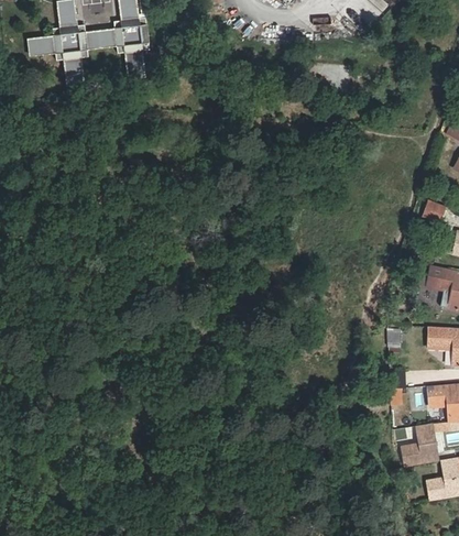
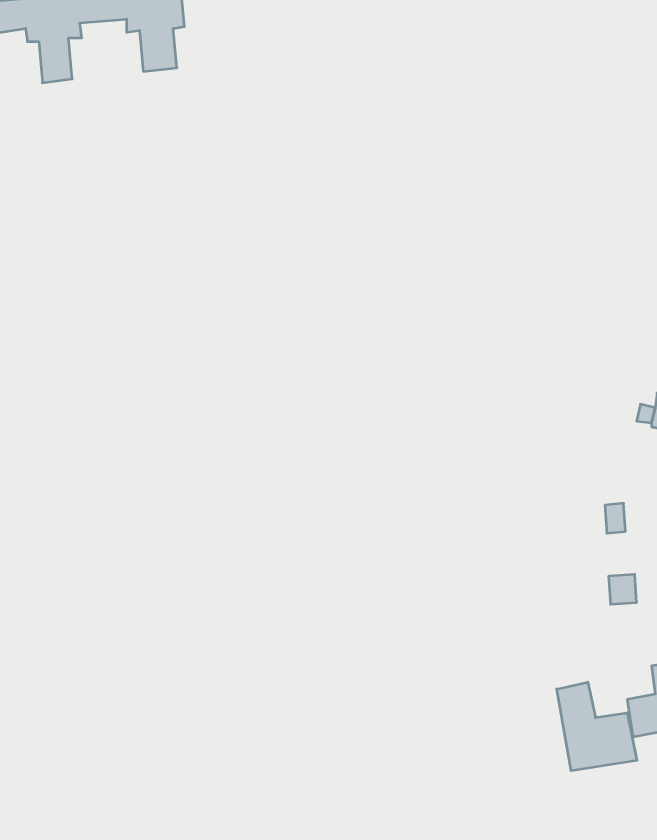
building: none -> [557,682,637,771]

